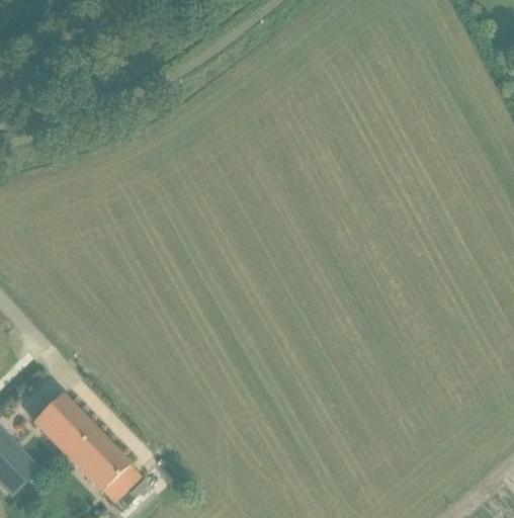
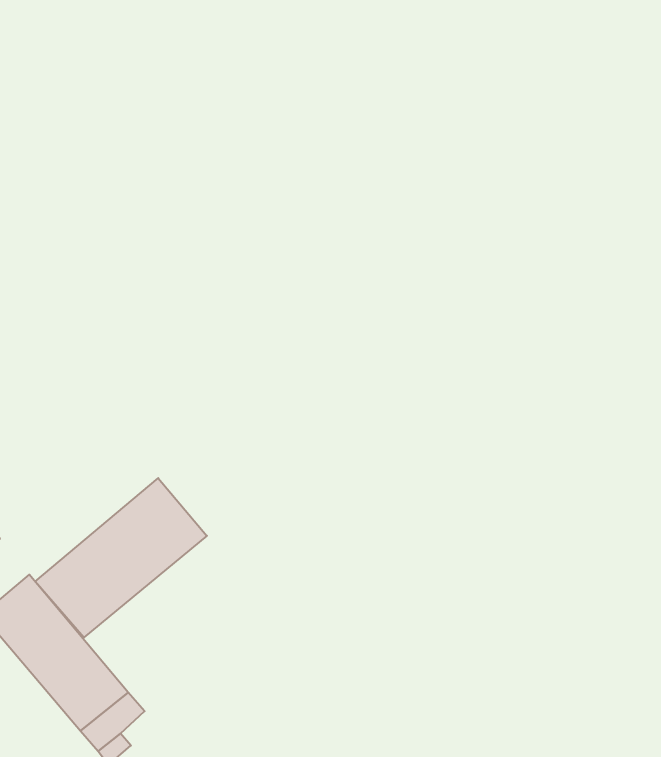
building: none -> [35,478,207,637]

